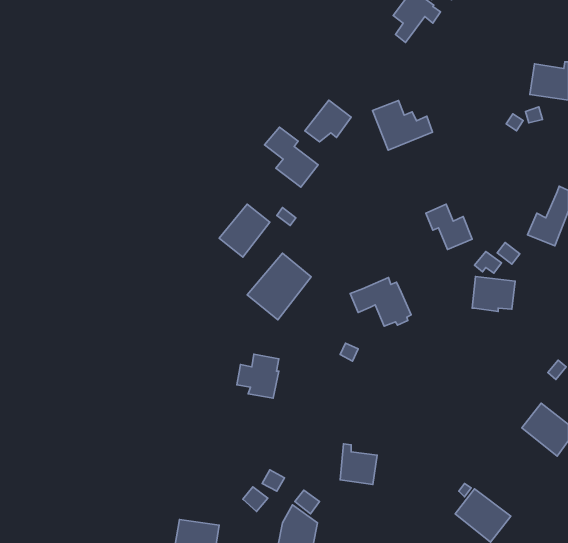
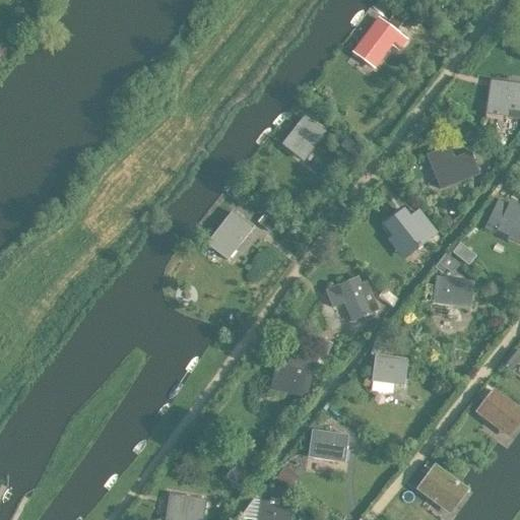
building: [372,100,432,150] -> [425,142,478,187]
building: [265,127,318,187] -> none
building: [247,253,311,320] -> none
building: none -> [371,342,406,383]
building: [237,354,279,398] -> [273,355,311,395]

